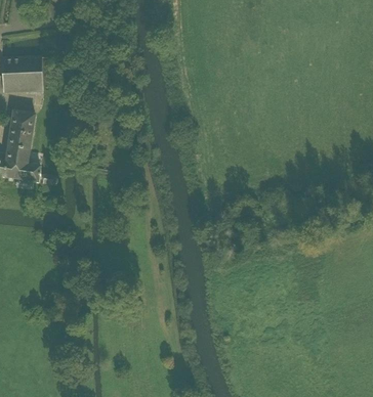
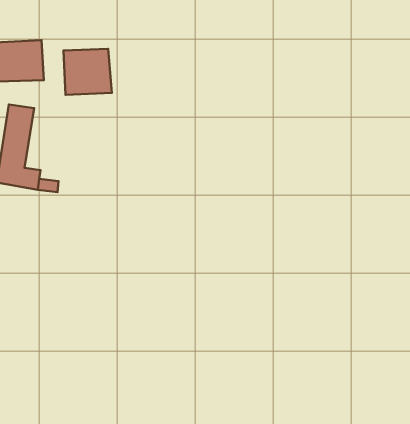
building: none -> [63,49,112,95]

